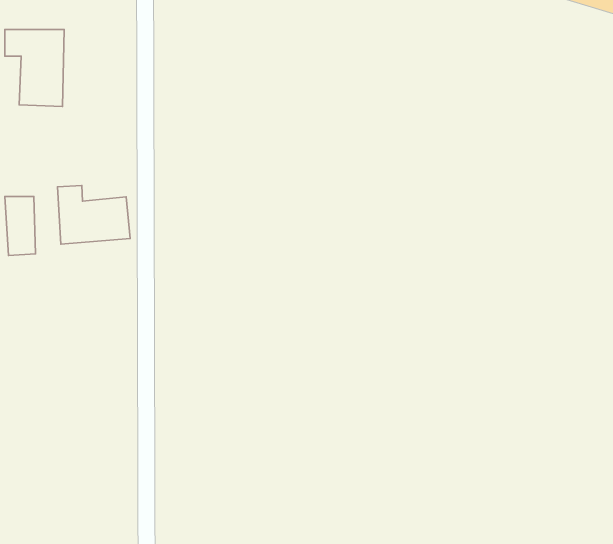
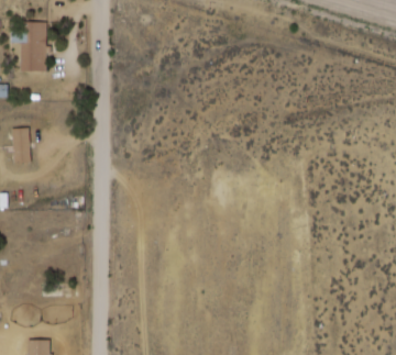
building: [57,185,130,244] -> none

